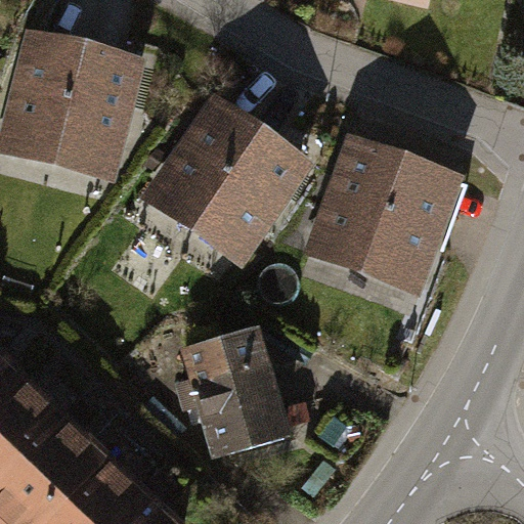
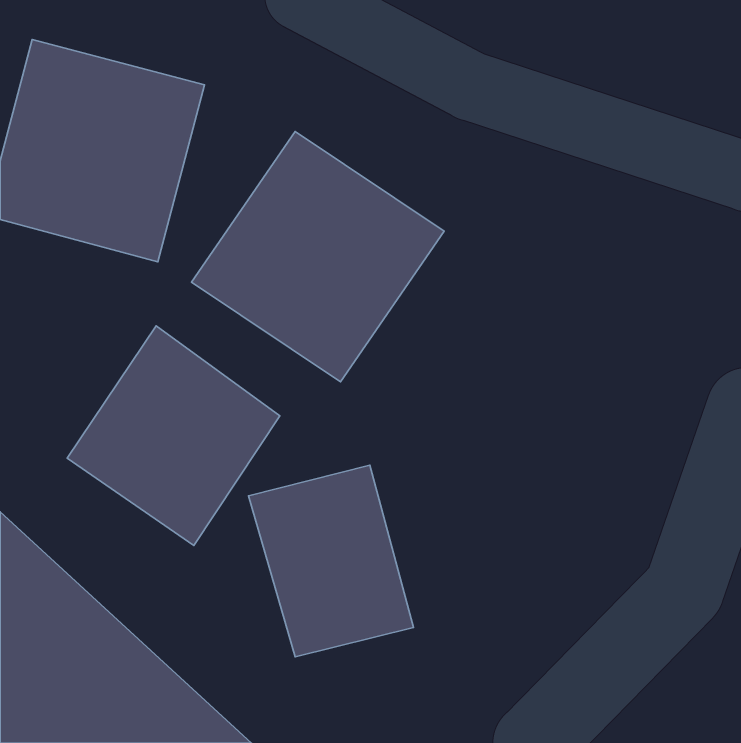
building: [301,133,463,296] -> none
building: none -> [67,326,280,545]

